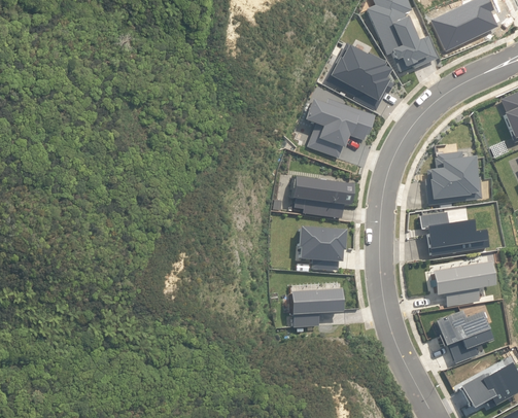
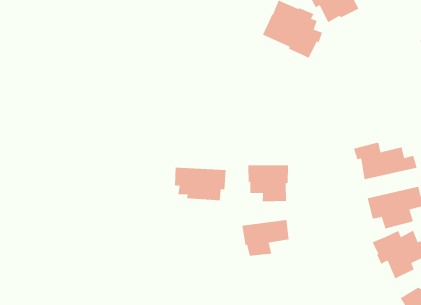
building: [307,96,376,155] -> none
building: [426,151,484,205] -> none
building: [292,176,352,217] -> [174,167,227,201]

